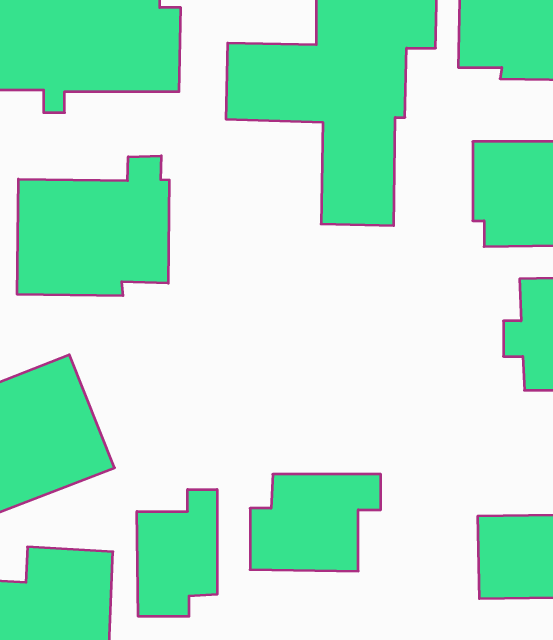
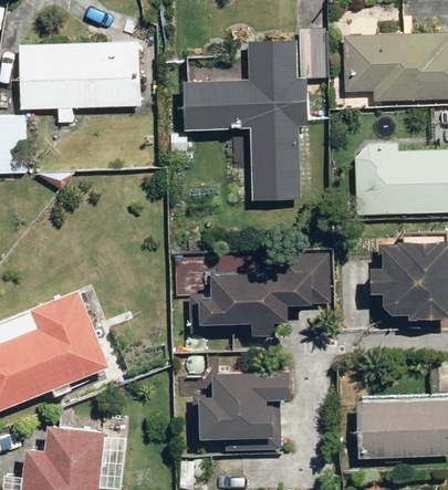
building: [17,156,169,296] -> none
building: none -> [189,253,333,338]
building: [137,489,217,616] -> none

